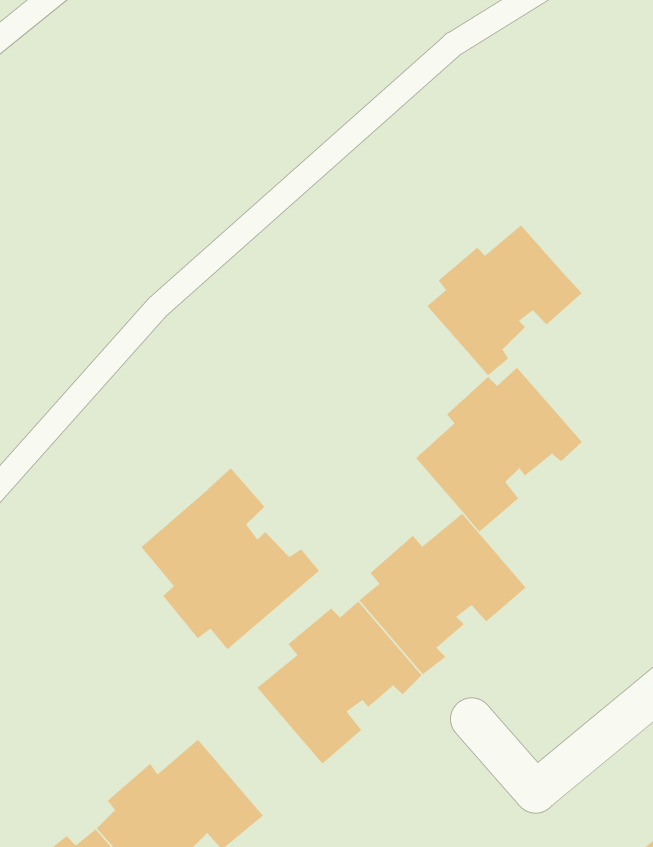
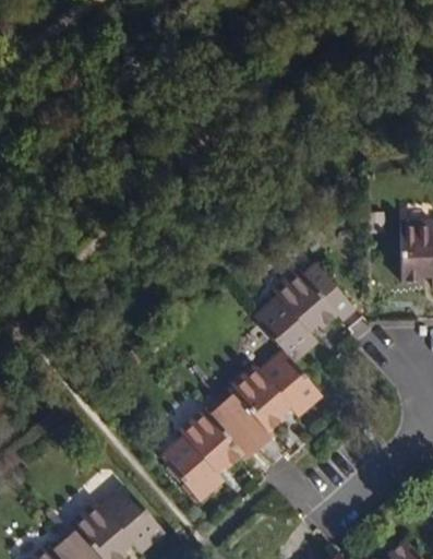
building: [426,224,583,376] -> none
building: [141,468,320,650] -> none

